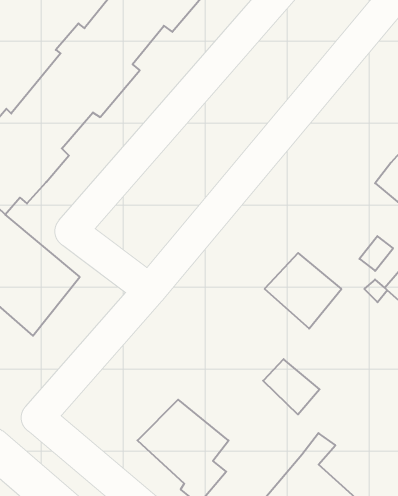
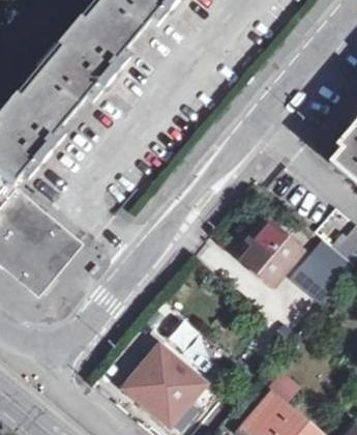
building: [263,359,320,414] -> [290,254,338,301]

